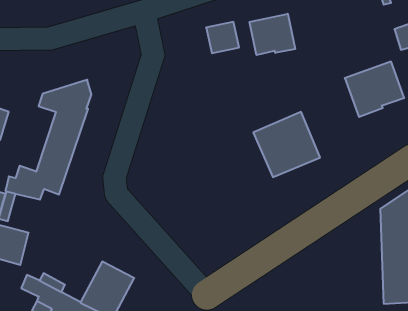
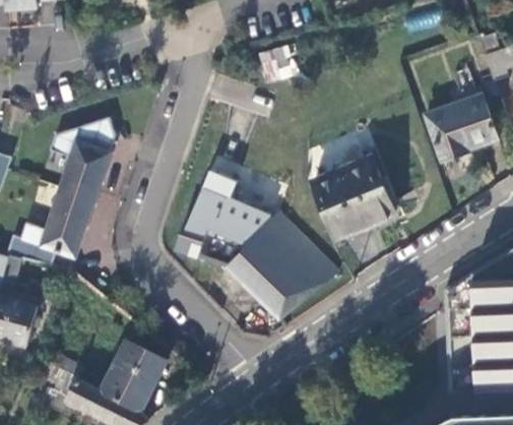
building: [250,14,295,55] -> none
building: none -> [319,130,370,170]
building: none -> [176,171,338,317]

